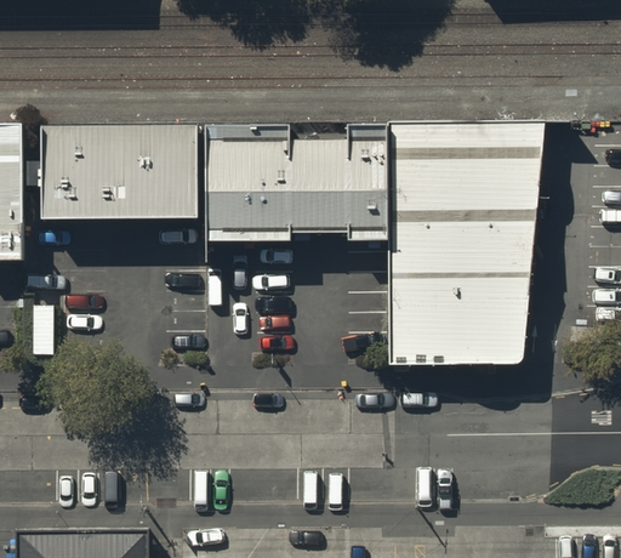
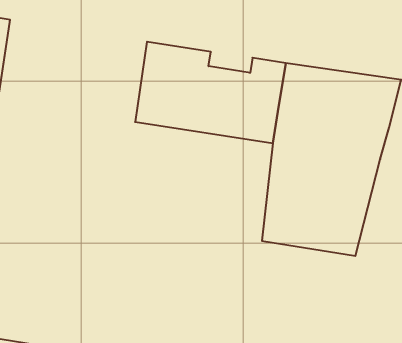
building: [41,126,201,221] -> none

